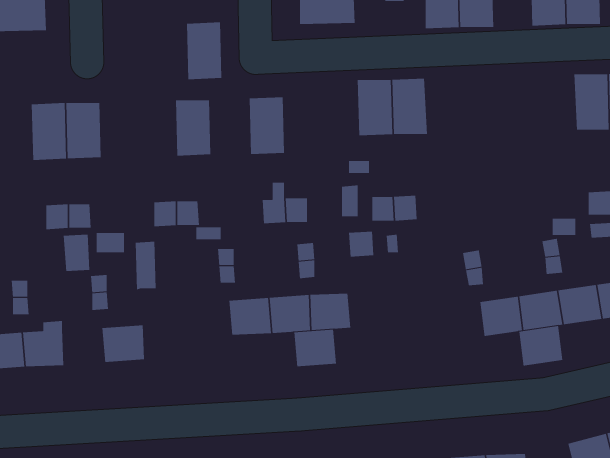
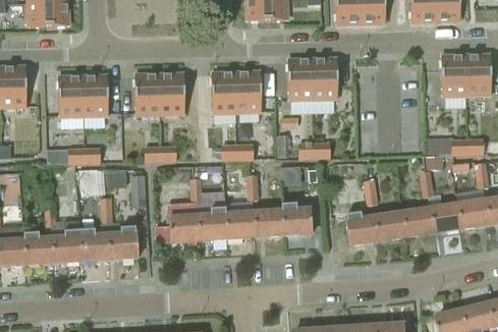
building: [186,22,222,80] -> [134,73,160,114]
building: none -> [235,71,261,111]
building: none -> [168,215,199,241]
building: [518,326,563,366] -> [345,216,377,244]
building: none -> [79,234,109,261]
building: [293,329,337,367] -> [281,208,312,234]

